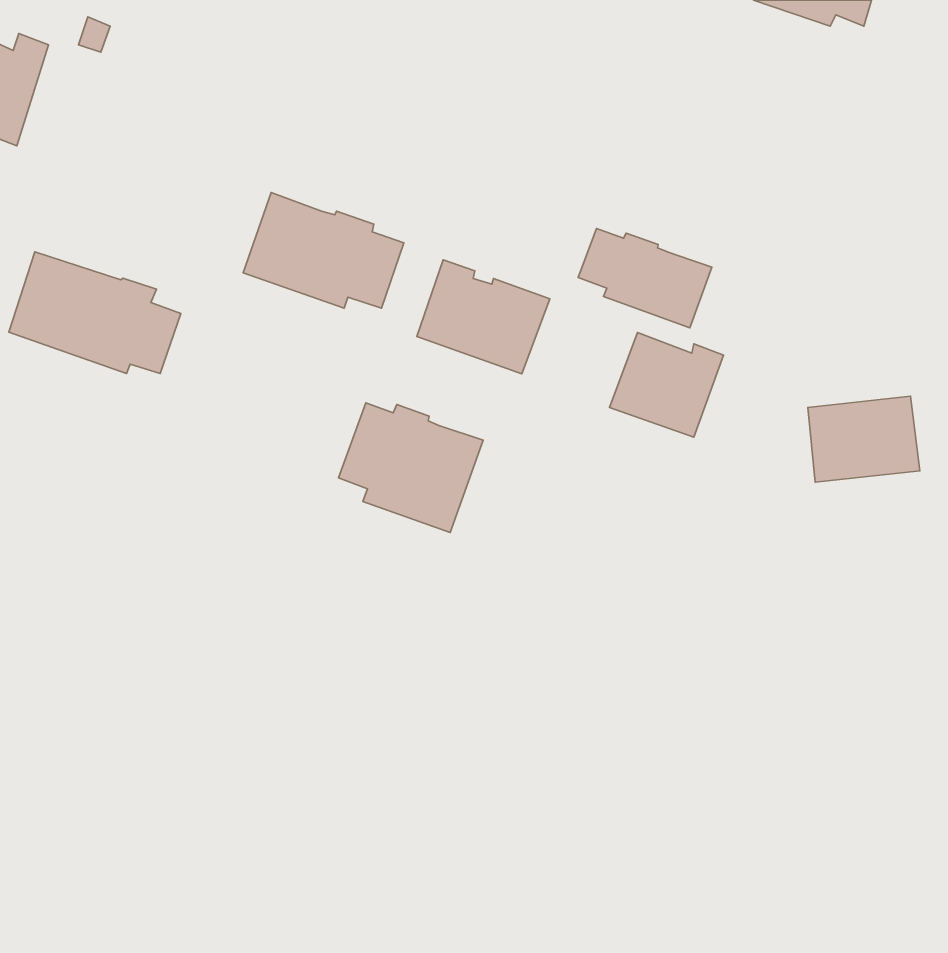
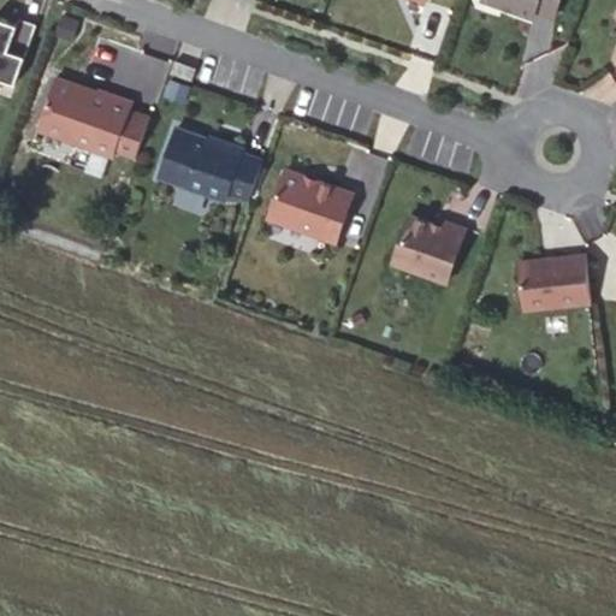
building: [578,228,712,328] -> none
building: [9,252,181,373] -> [35,76,146,154]
building: [339,403,483,532] -> none

